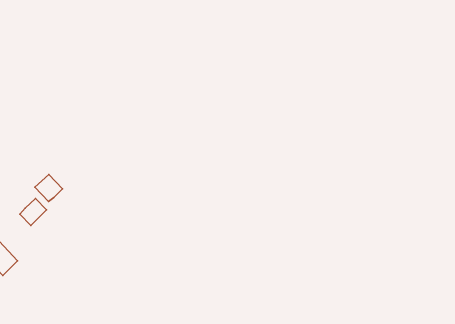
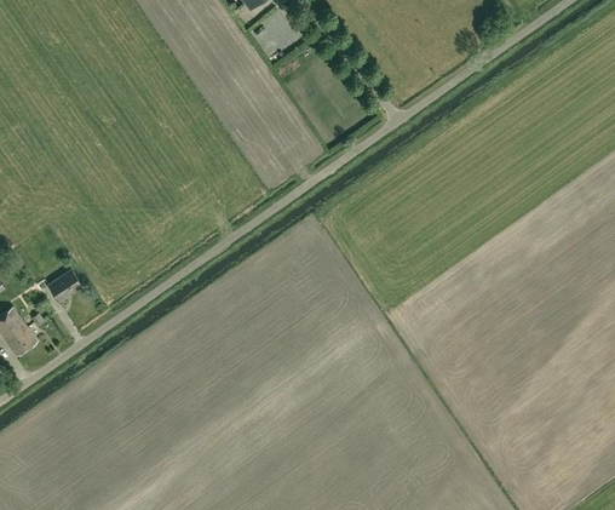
building: [35,174,62,201] -> none

